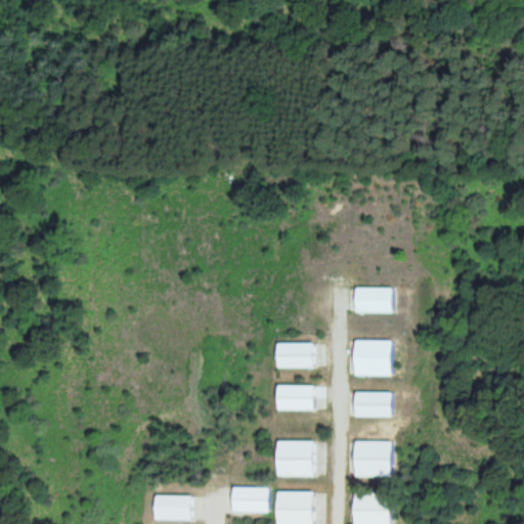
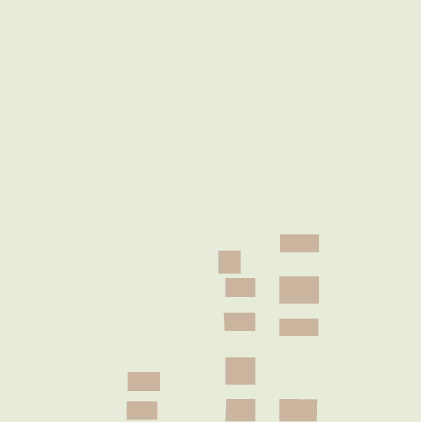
building: none -> [218,250,241,275]
building: [344,441,393,477] -> none
building: [229,487,271,513] -> [127,371,161,392]

